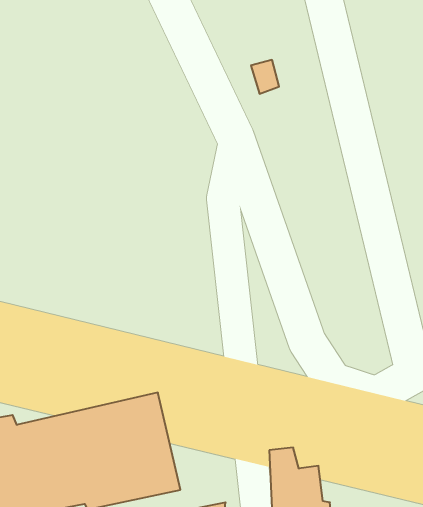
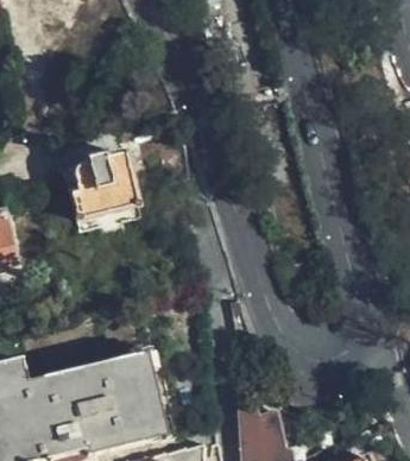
building: none -> [72,153,139,220]

